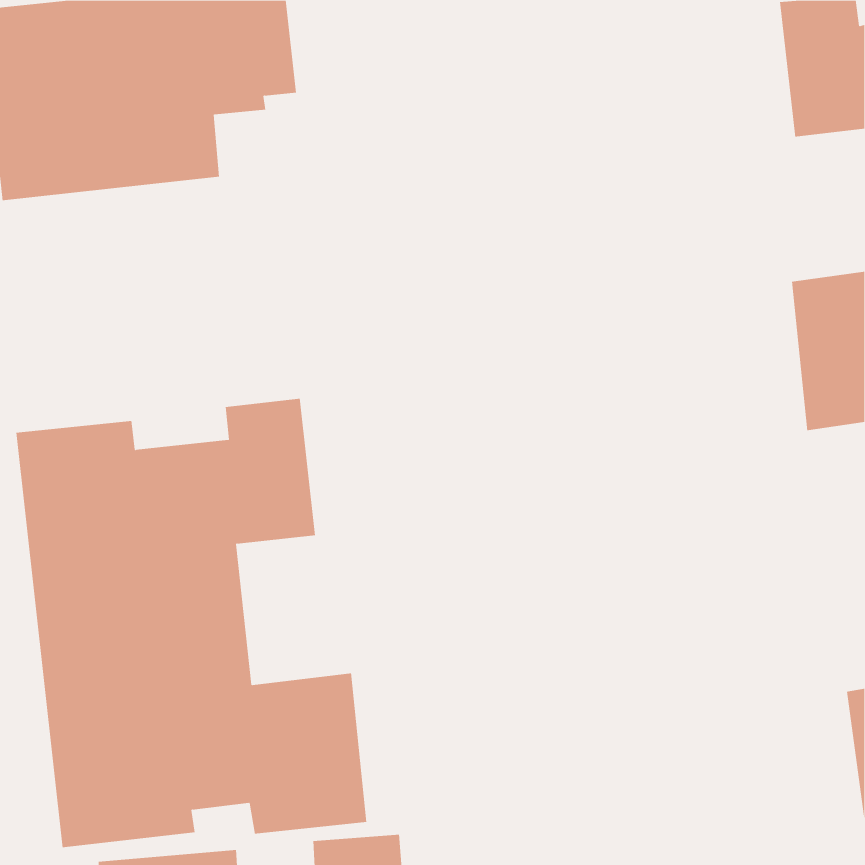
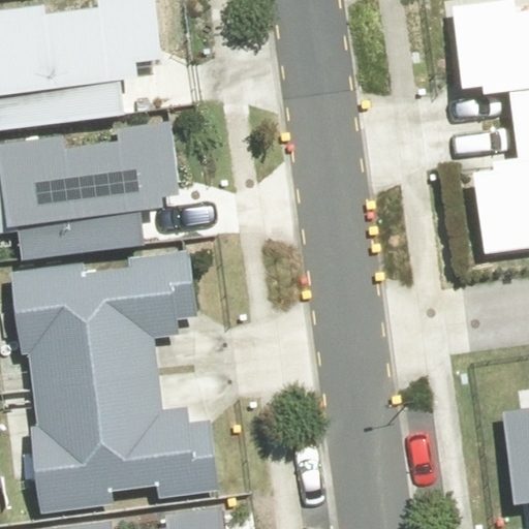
building: none -> [5,117,193,259]

